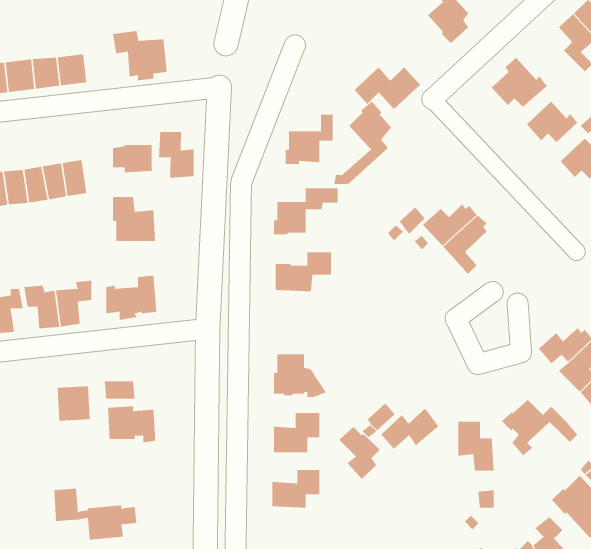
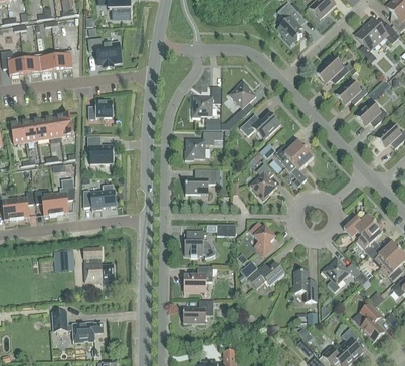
building: [354,66,421,110] -> [239,113,279,139]
building: [159,131,194,178] -> none
building: none -> [249,163,276,201]
building: [338,426,380,480] -> [249,223,274,255]

